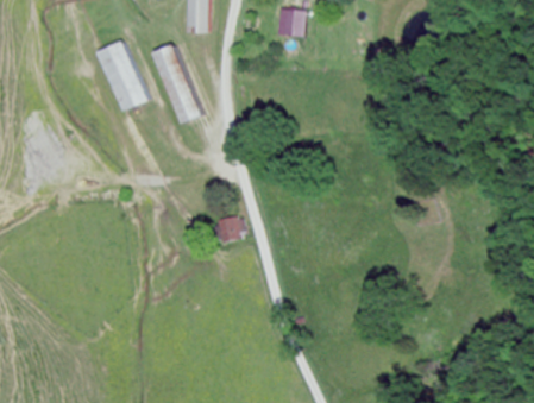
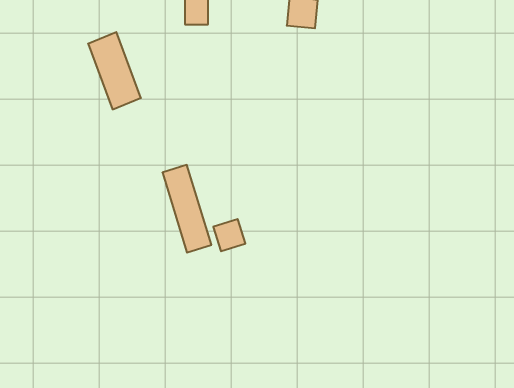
building: [153,44,199,125] -> [162,165,211,253]

